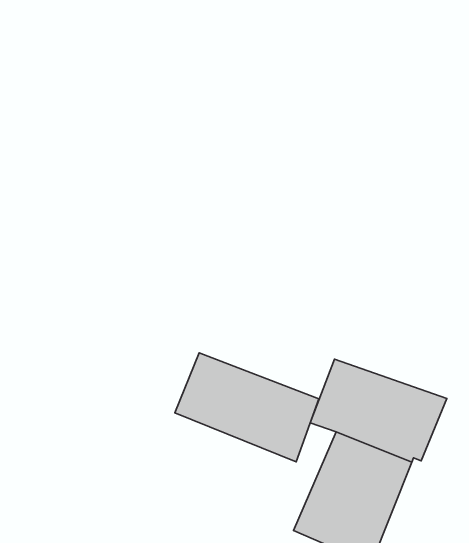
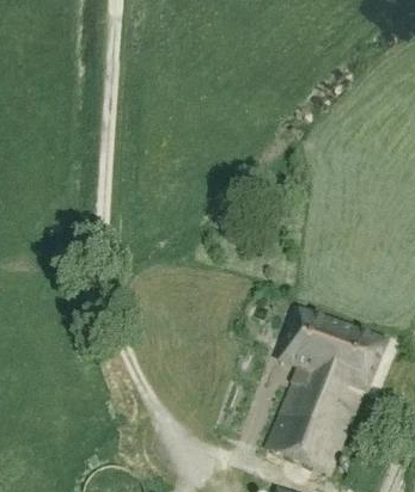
building: [175,353,319,462] -> none

